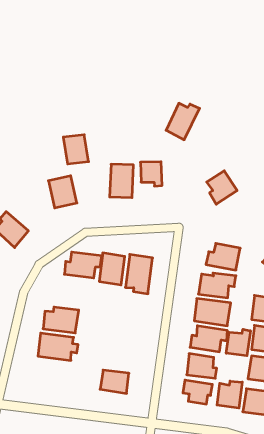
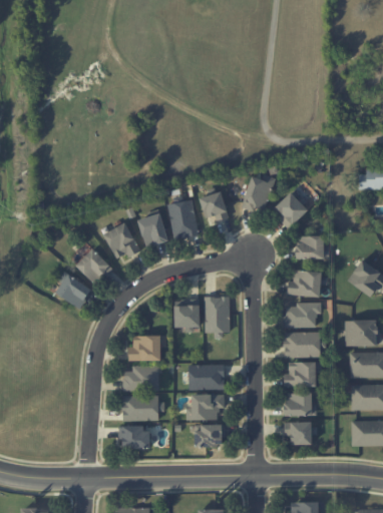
building: [166,103,200,140] -> [243,174,275,213]
building: [63,135,89,164] -> [137,212,168,246]
building: none -> [76,247,113,285]
building: none -> [297,235,325,259]
building: [64,252,102,278] -> [128,335,166,361]
building: none -> [189,364,225,390]
building: [226,329,250,356] -> none
building: none -> [186,394,225,420]
building: none -> [120,426,150,447]
building: [217,381,242,408] -> none

